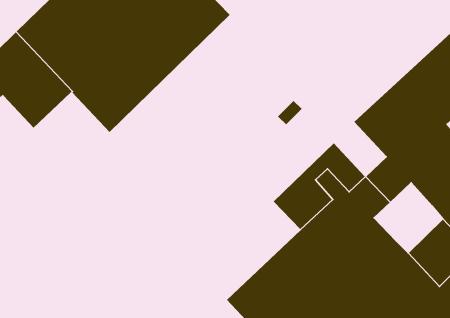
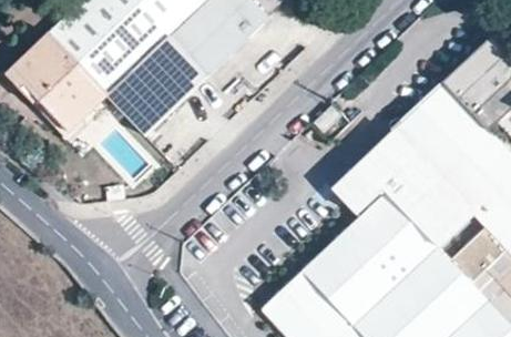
building: none -> [372,125,427,181]
building: none -> [415,187,473,246]

